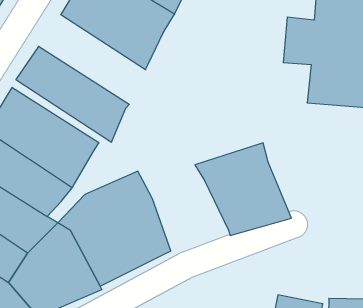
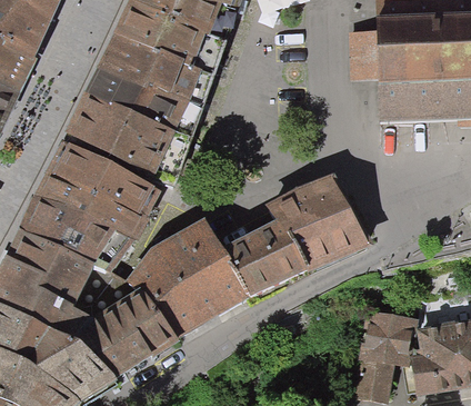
building: none -> [84,53,201,141]
building: none -> [223,214,308,293]

